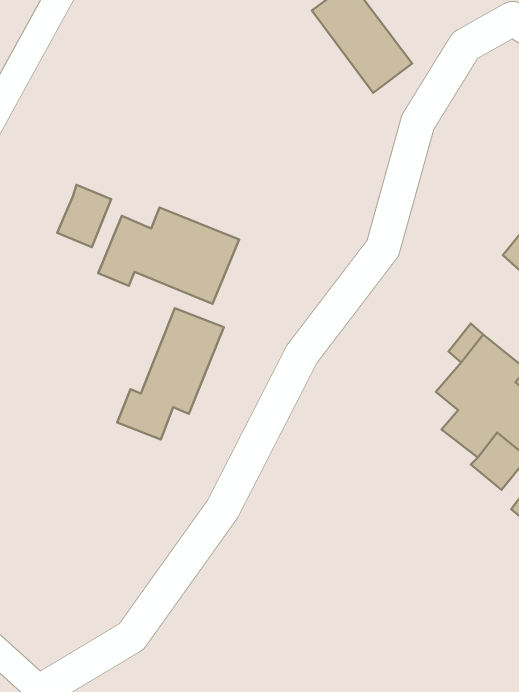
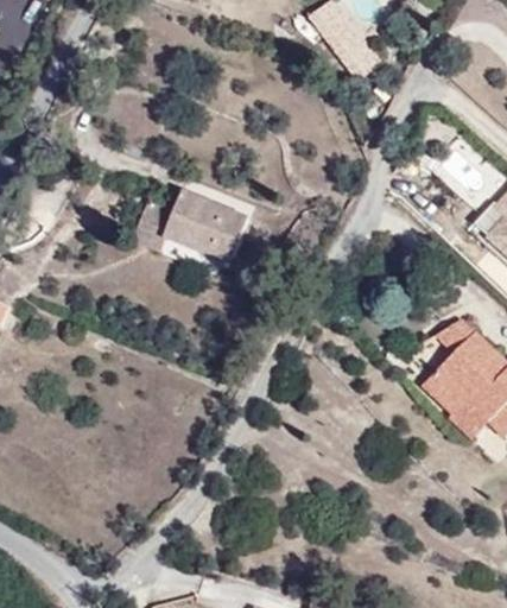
building: [57,185,111,247] -> none
building: [117,308,224,440] -> none

